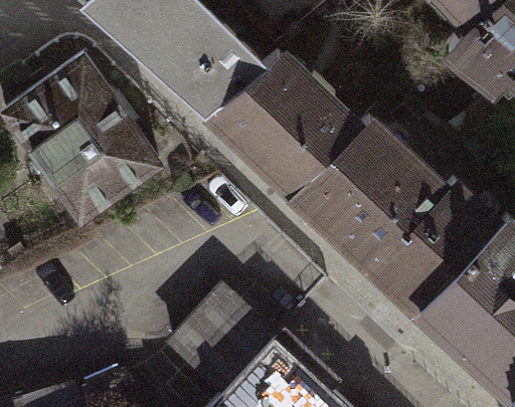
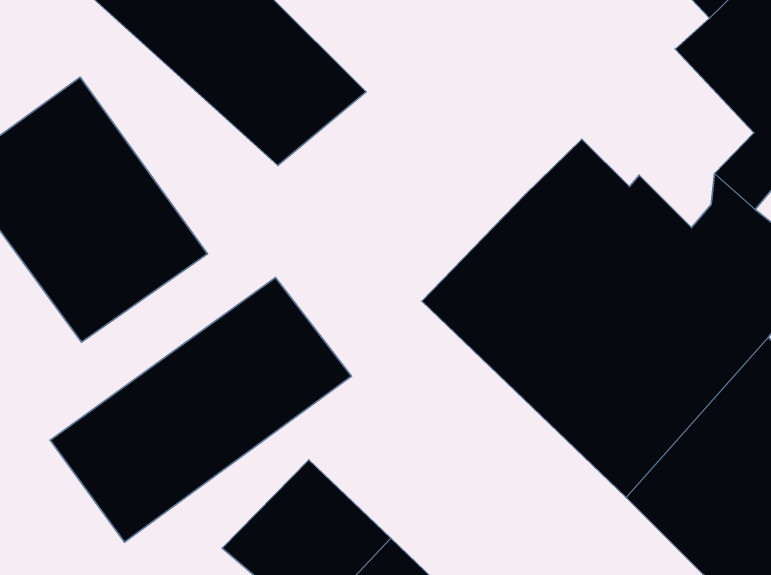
building: [205,54,357,198] -> none
building: none -> [50,278,352,542]

